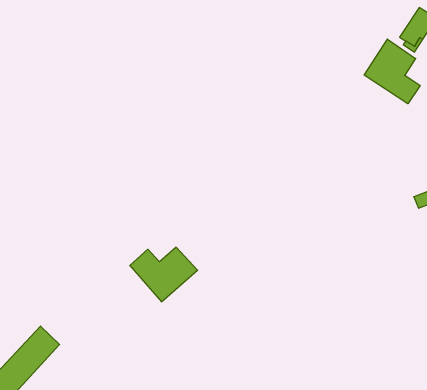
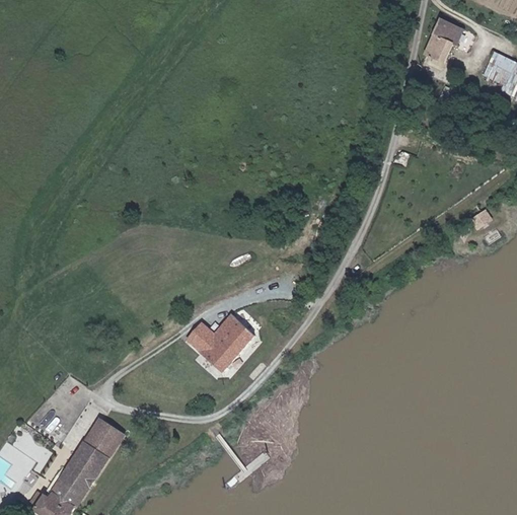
building: [364,39,420,104] -> none

